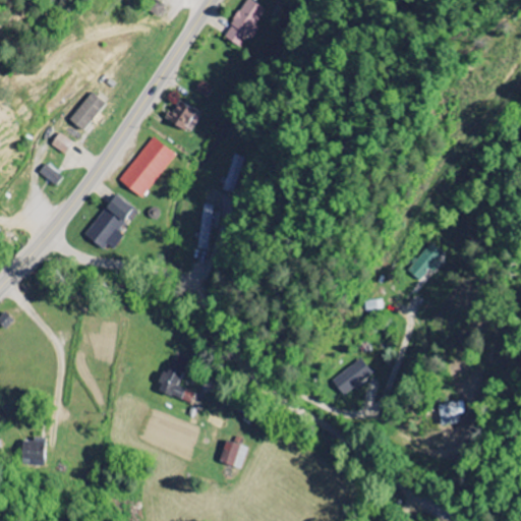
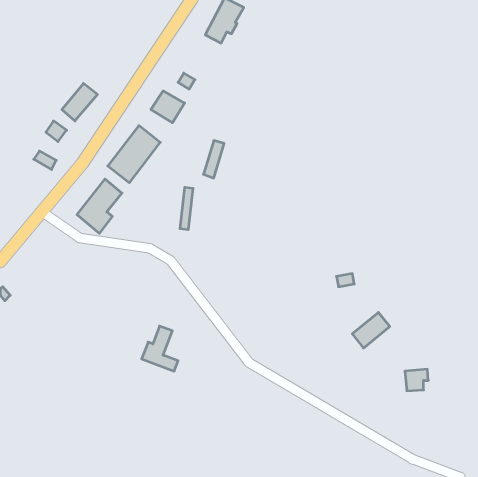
building: [408,242,444,281] -> none
building: [333,357,373,396] -> [352,312,390,348]
building: [22,437,46,462] -> none
building: [218,439,246,467] -> none

